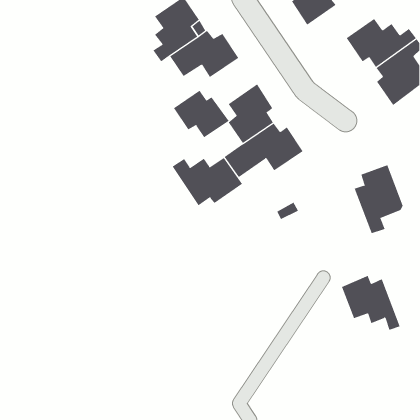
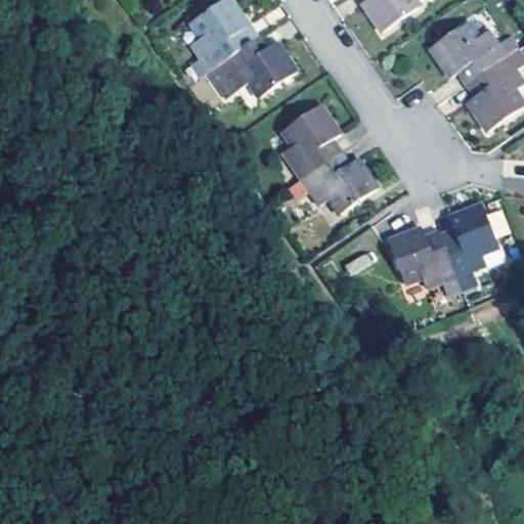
building: [173,90,229,138] -> none
building: [172,157,243,206] -> none
building: [341,275,400,331] -> [387,226,461,295]

